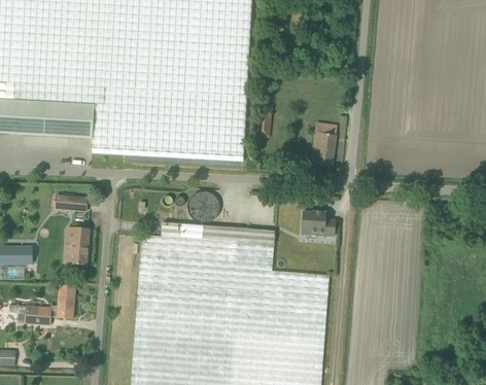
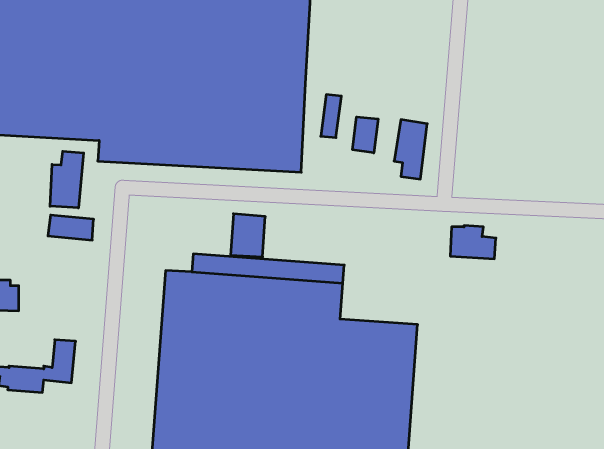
building: none -> [353,117,378,153]
building: none -> [50,151,84,208]
building: [301,211,335,236] -> [450,226,496,259]
building: [70,227,88,265] -> none

